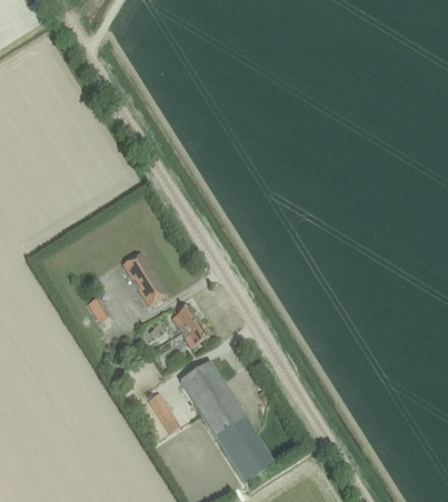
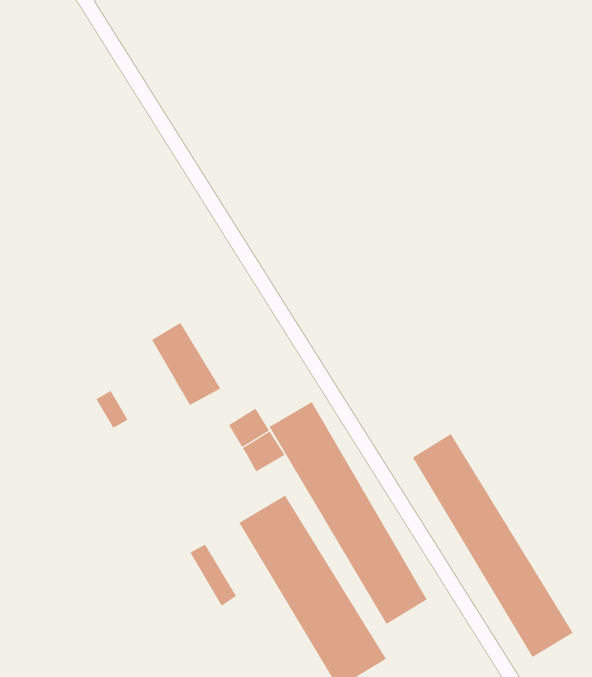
building: none -> [269,401,427,625]
building: none -> [412,433,573,658]

